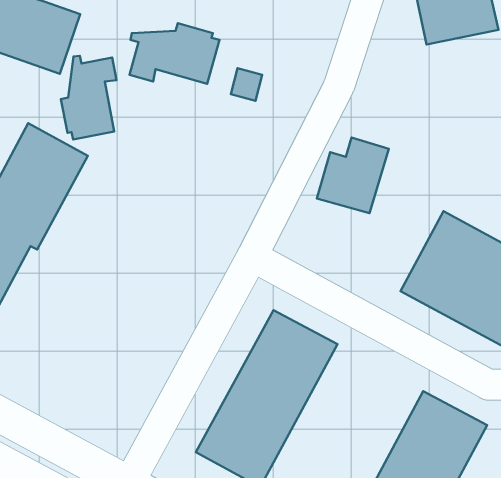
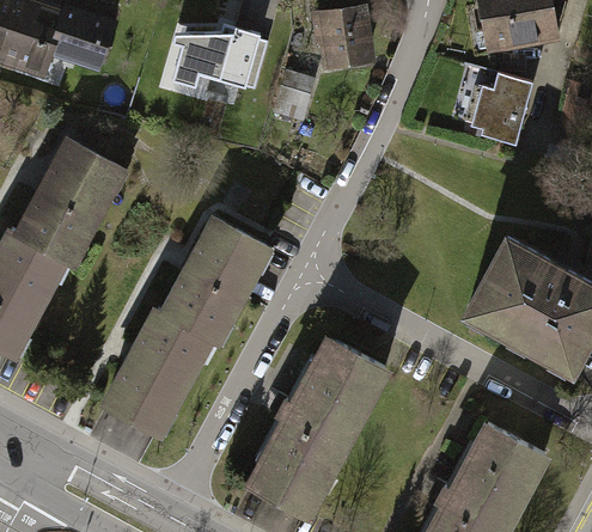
building: none -> [315,16,370,69]
building: [61,56,116,140] -> none
building: [317,138,389,213] -> [458,67,535,147]
building: none -> [97,215,273,441]

